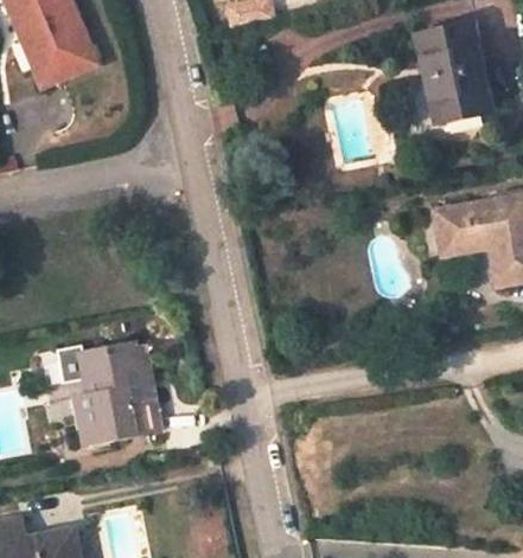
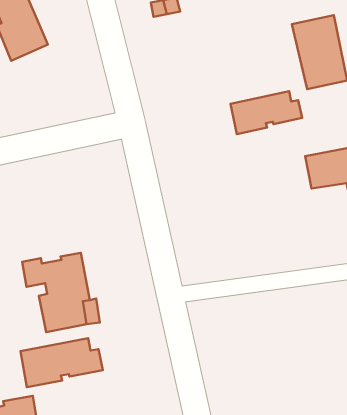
building: none -> [231,91,302,134]
building: none -> [20,338,103,387]

